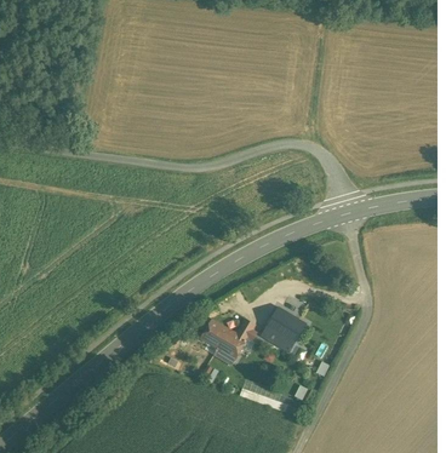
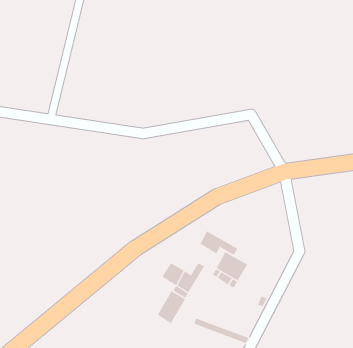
building: none -> [200,231,238,256]
building: none -> [157,291,186,324]

